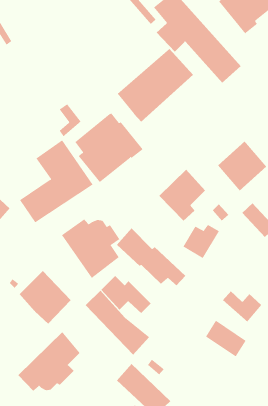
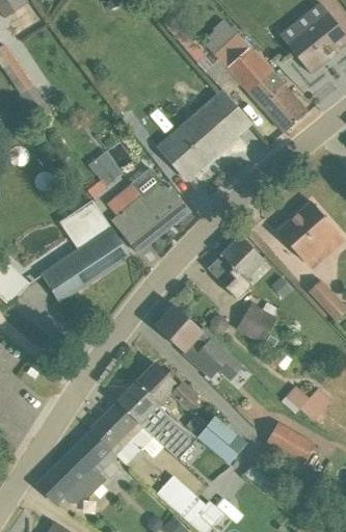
building: [61,218,120,279] -> none
building: [19,270,71,324] -> [90,400,154,466]
building: none -> [185,415,246,464]

